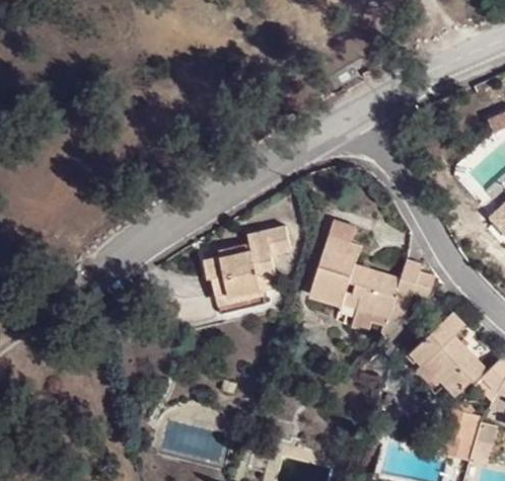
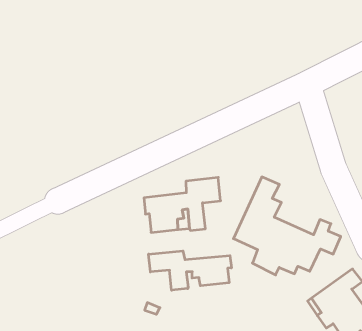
building: none -> [149,251,231,290]

